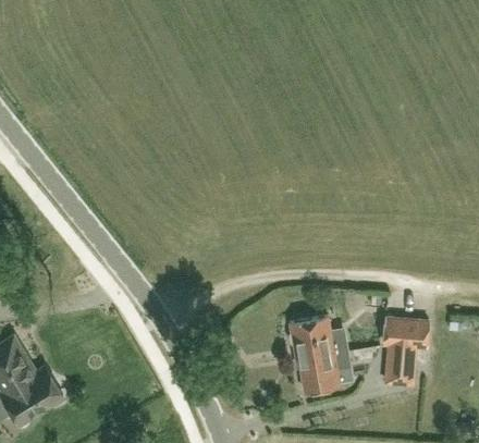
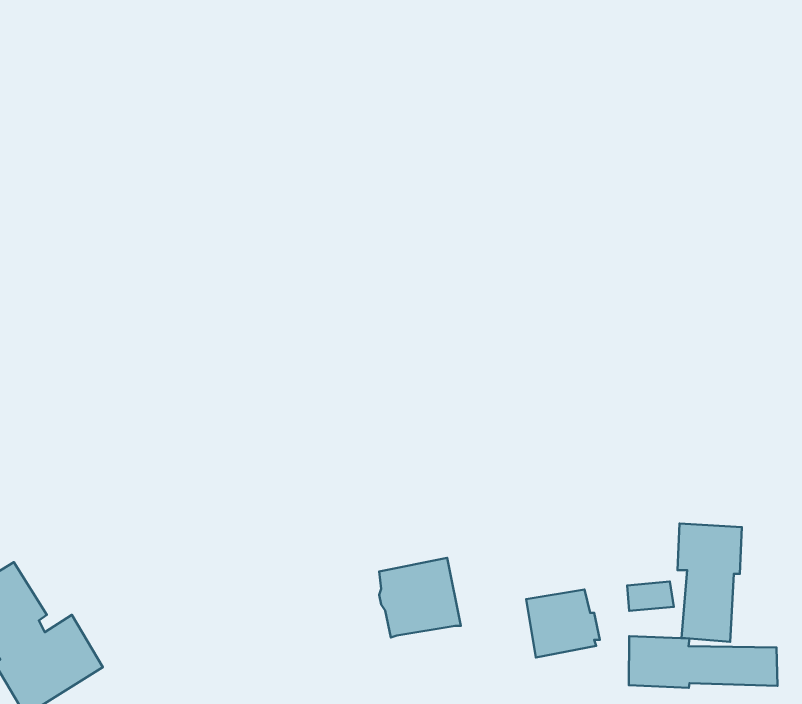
building: [290,315,335,359] -> [379,558,461,638]
building: none -> [629,636,777,688]

